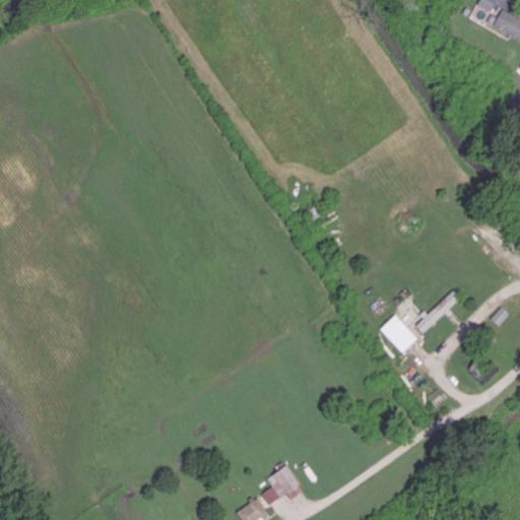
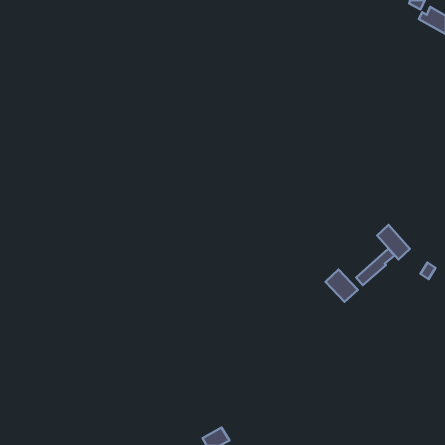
building: none -> [377,225,410,260]
building: [261,465,304,505] -> none

